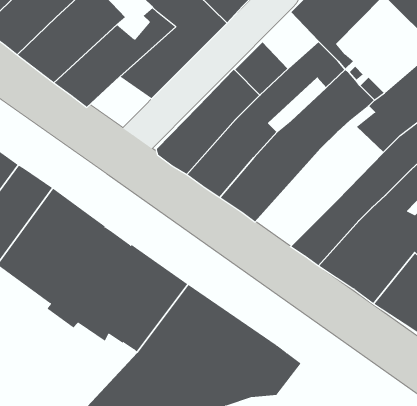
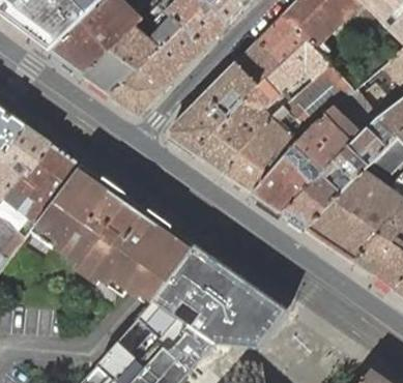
building: none -> [258,16,306,63]
building: none -> [109,70,164,116]
building: none -> [252,95,361,214]

